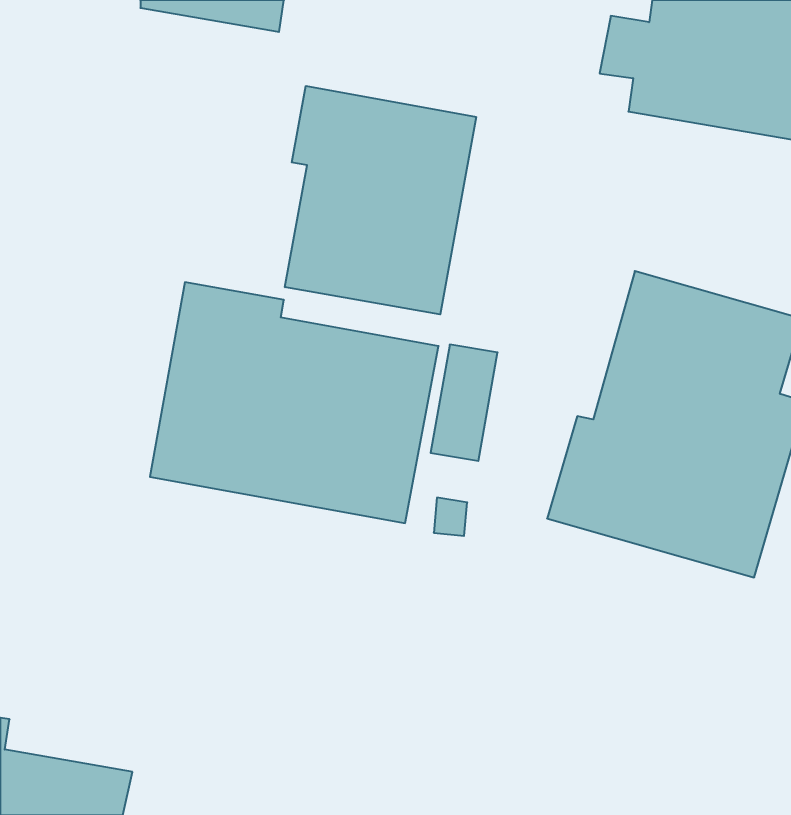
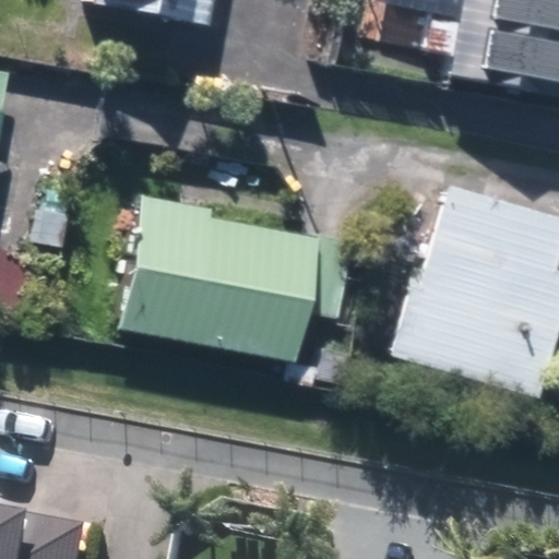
building: [285,86,476,314] -> none

